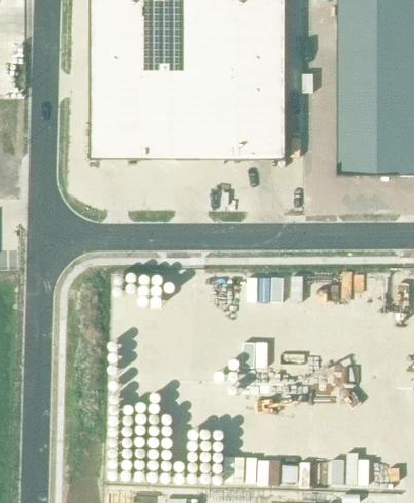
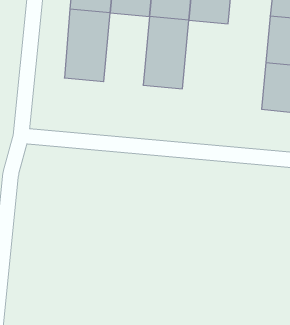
building: [138,72,187,158] -> none
building: [236,72,285,158] -> none

